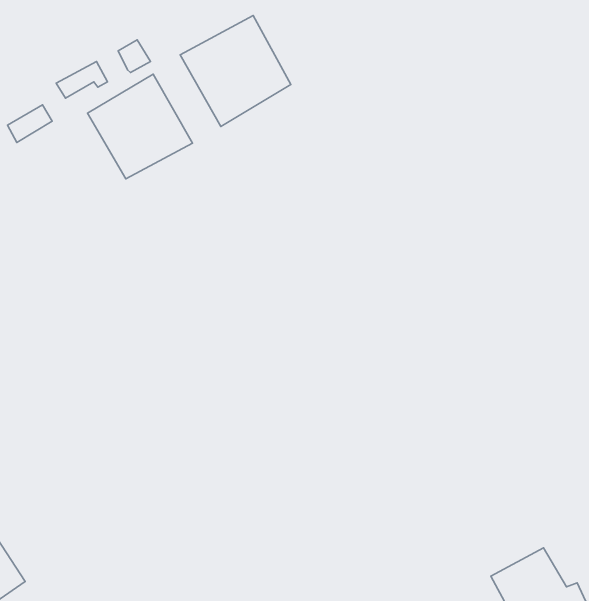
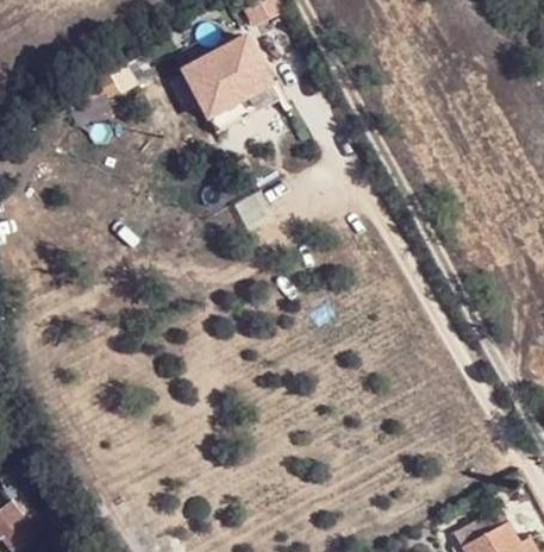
building: [88,74,192,179] -> none

